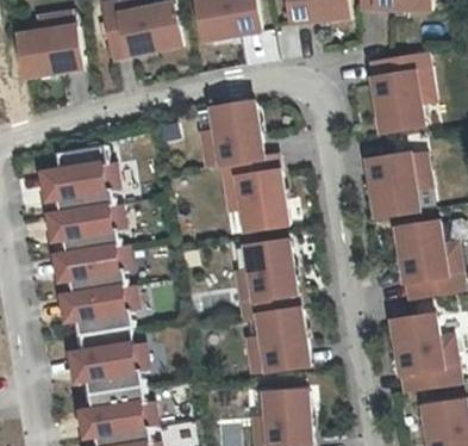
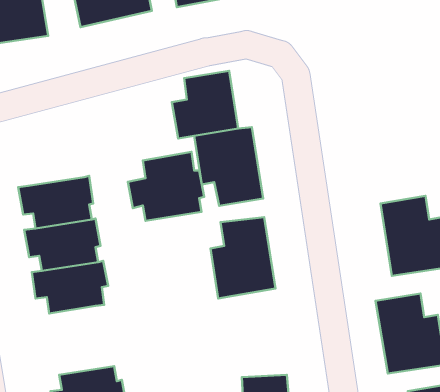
building: [368,51,432,130] -> none
building: [44,145,117,211] -> [128,152,204,221]
building: [366,150,430,215] -> none
building: [244,309,307,372] -> none
building: [74,326,145,391] -> none

